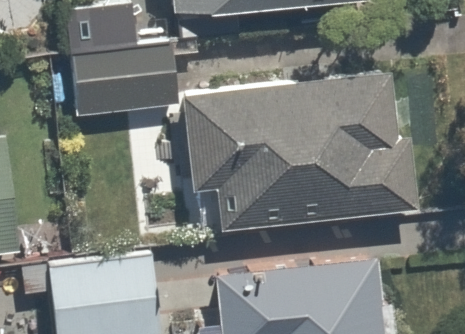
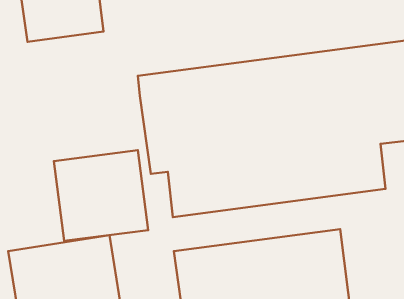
building: [62,48,178,129] -> none
building: none -> [54,150,148,241]

